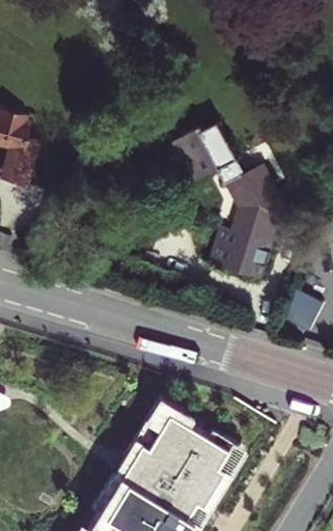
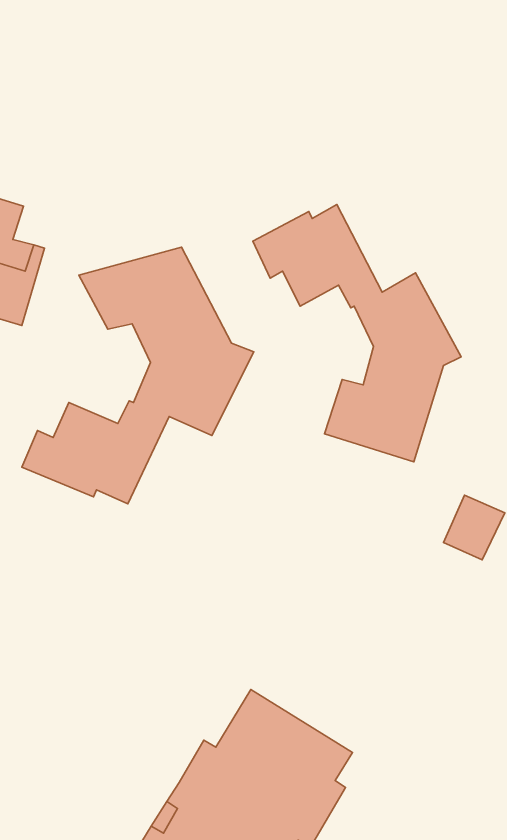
building: none -> [22,247,254,504]

